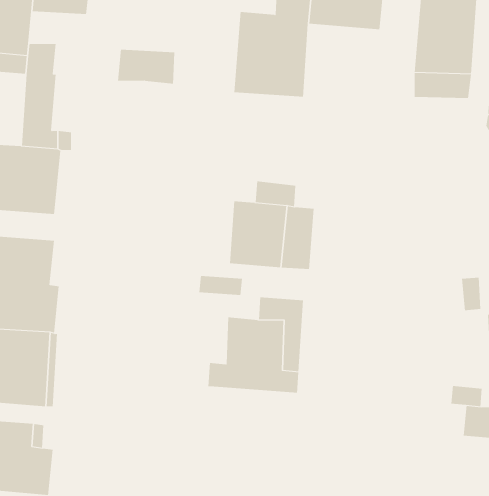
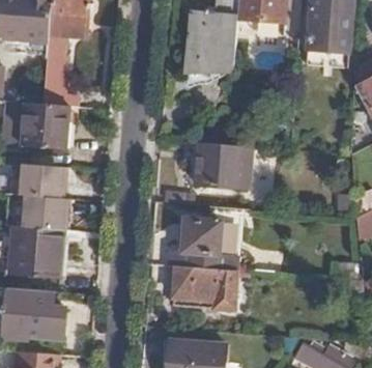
building: [117,49,175,84] -> [48,11,87,35]
building: none -> [170,266,236,310]

